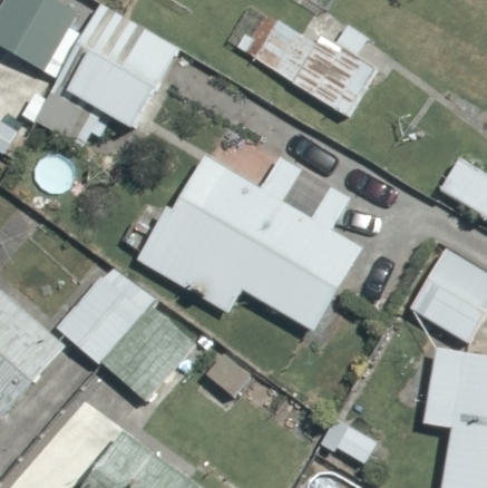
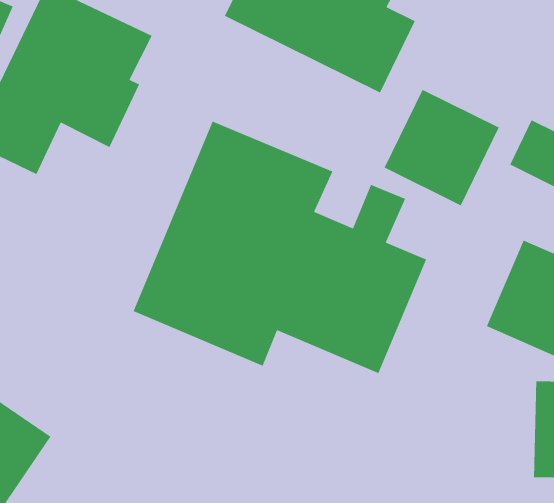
building: none -> [384,89,500,206]
building: [57,266,196,401] -> none

